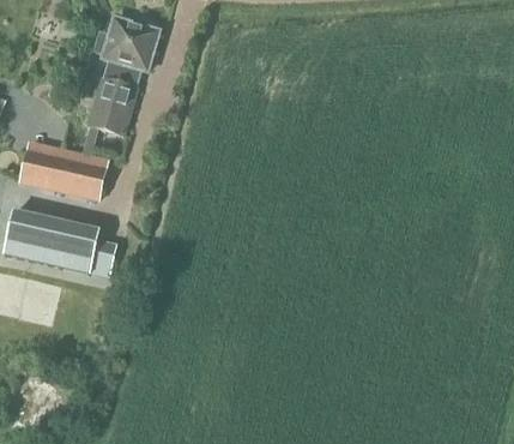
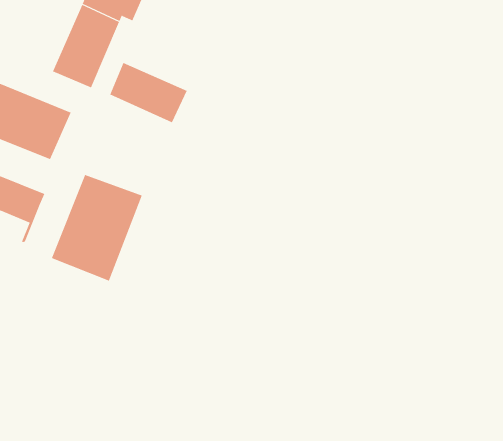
building: none -> [110,62,187,123]
building: none -> [51,174,142,282]

